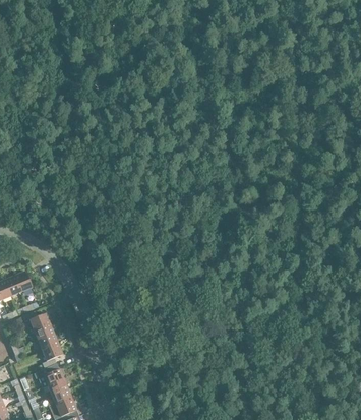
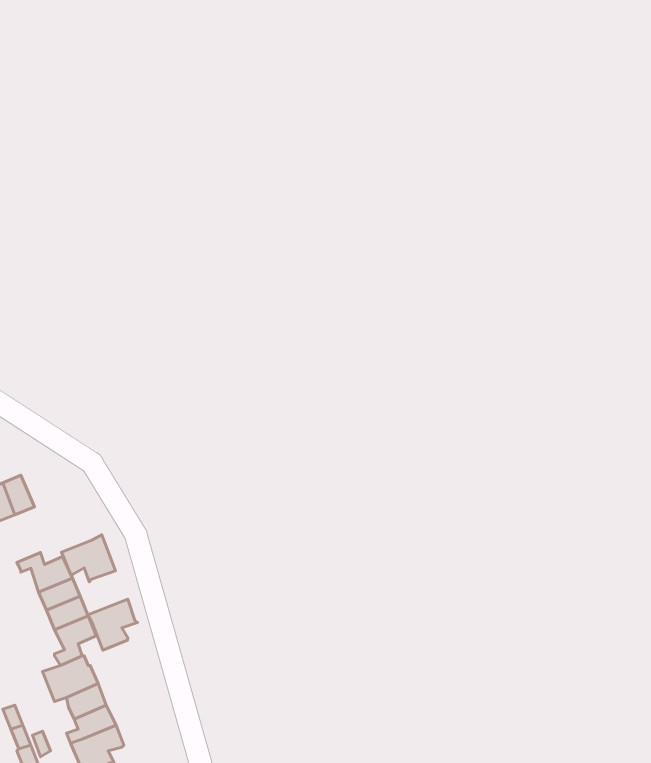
building: none -> [61,535,116,582]
building: none -> [88,599,138,650]

